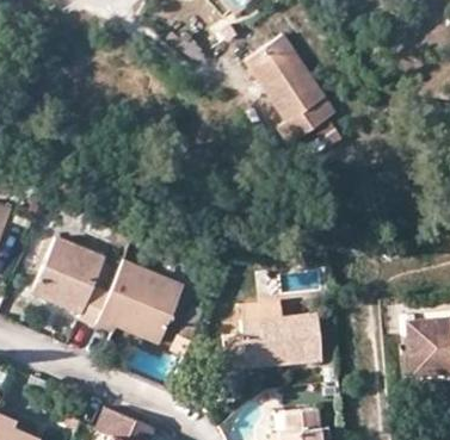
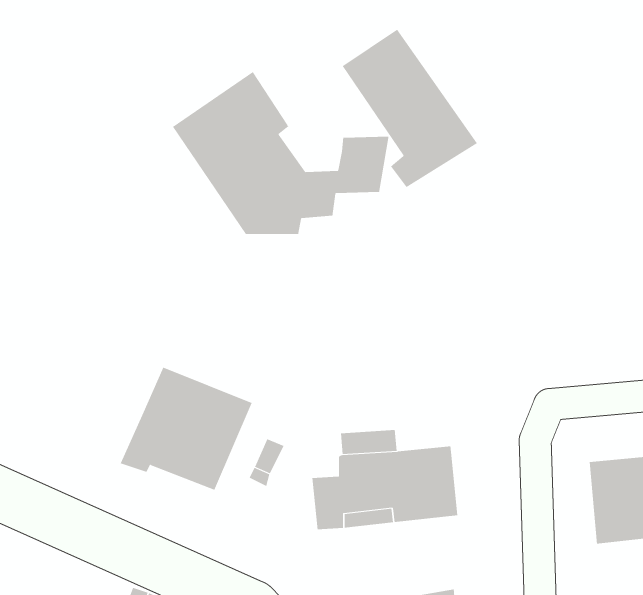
building: none -> [172,71,389,235]
building: [32,236,110,324] -> none

